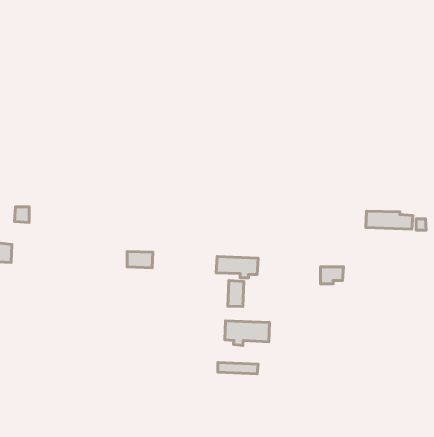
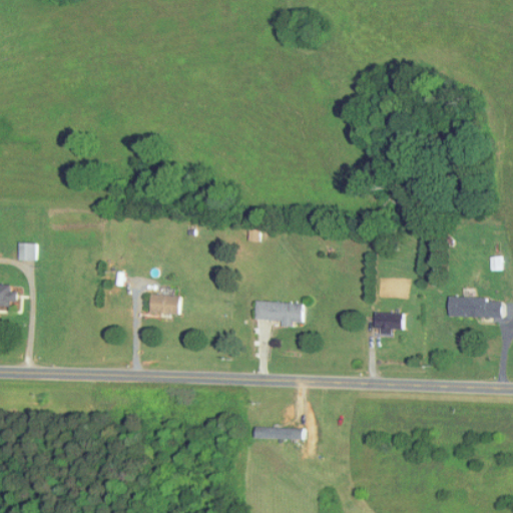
building: [366,211,413,229] -> [447,297,502,318]
building: [228,281,244,307] -> none
building: [225,321,269,345] -> none

